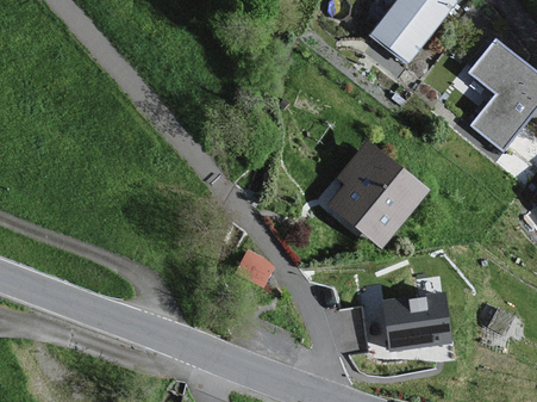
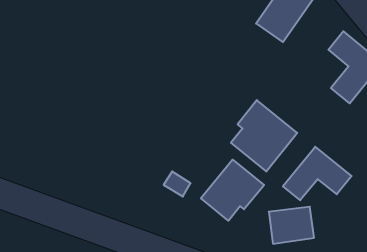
building: none -> [283,147,352,200]
building: none -> [201,160,264,221]

